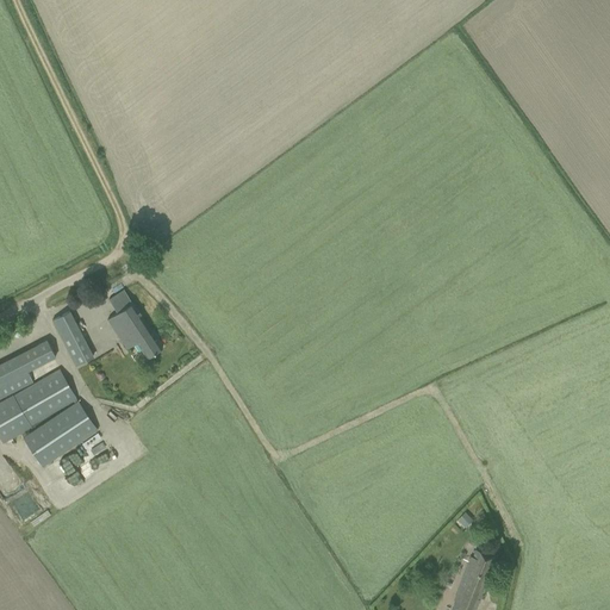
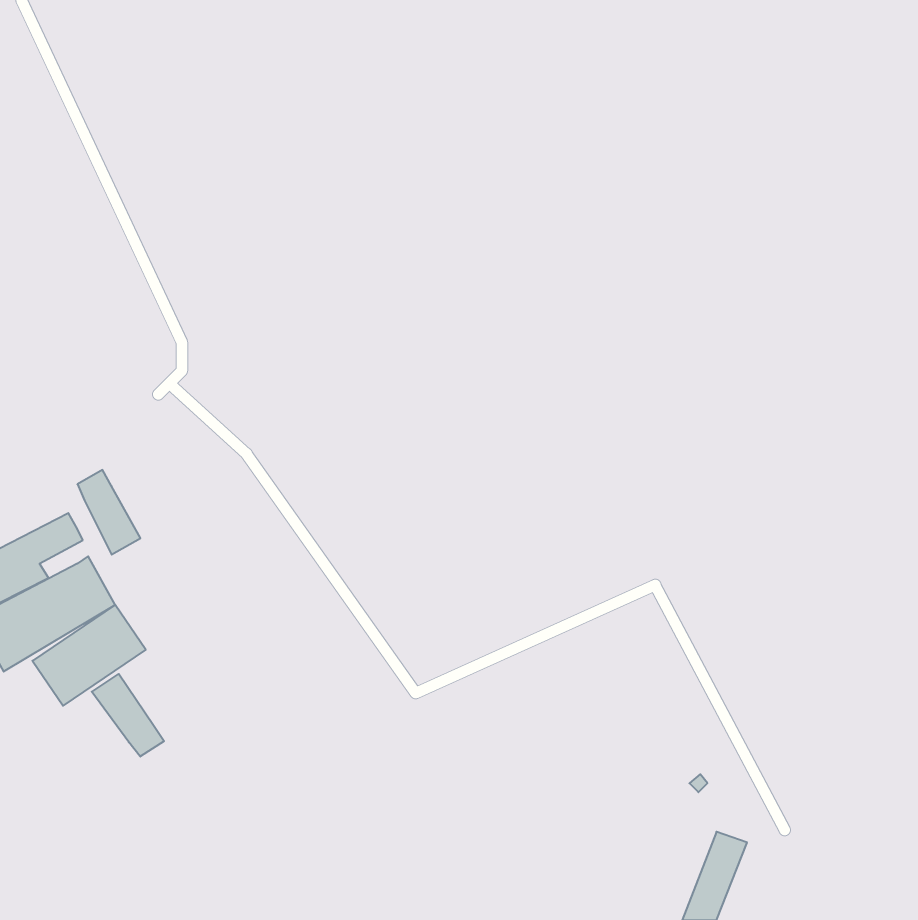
building: [106,291,161,359] -> none
building: none -> [92,674,164,757]

